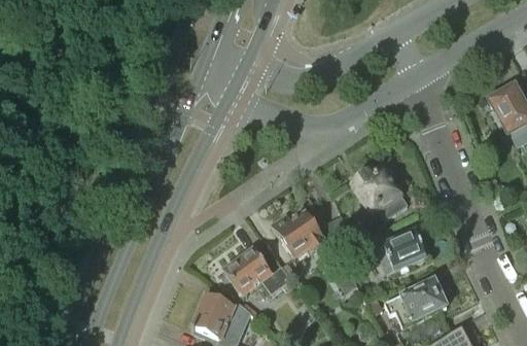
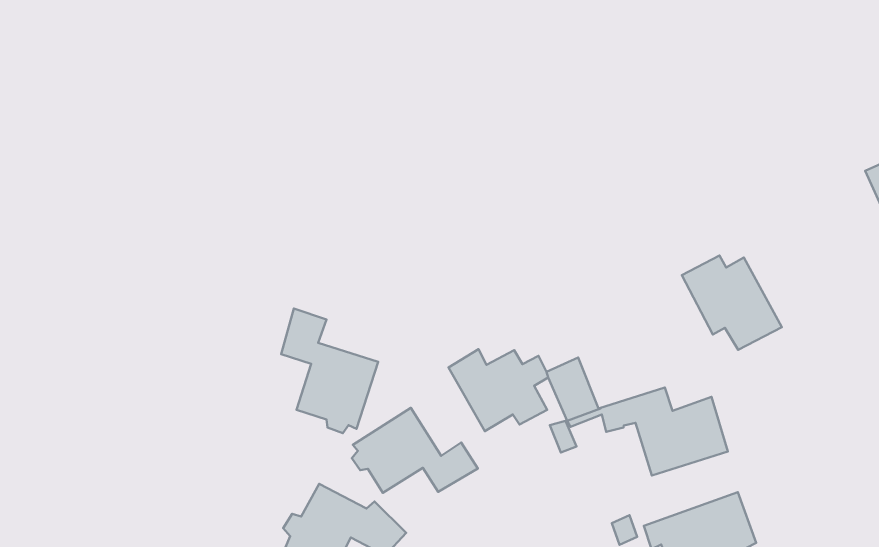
building: [353,168,410,218] -> [682,255,782,350]
building: none -> [281,309,378,433]

